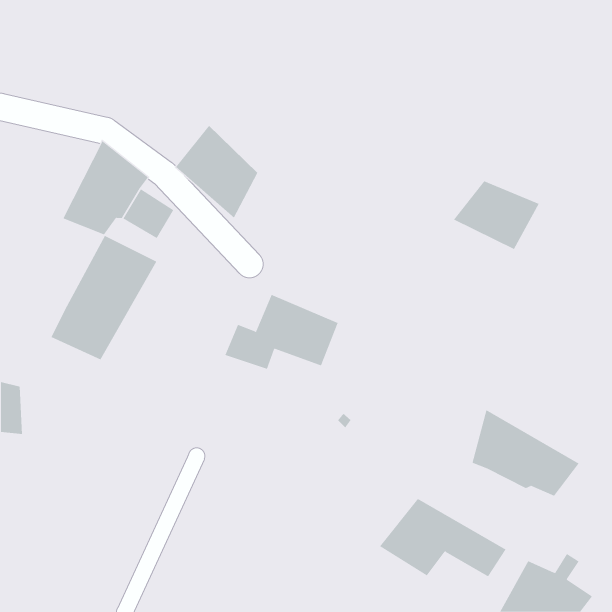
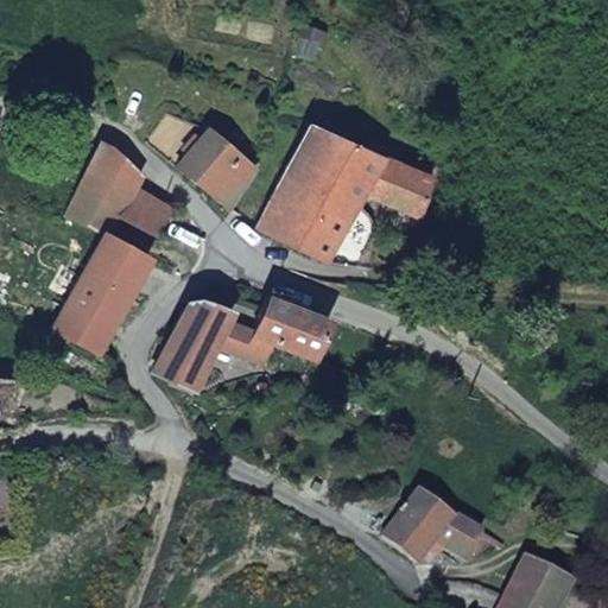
building: none -> [258,122,436,265]
building: [453,180,539,250] -> none
building: none -> [152,298,238,393]
building: [472,409,579,497] -> none

